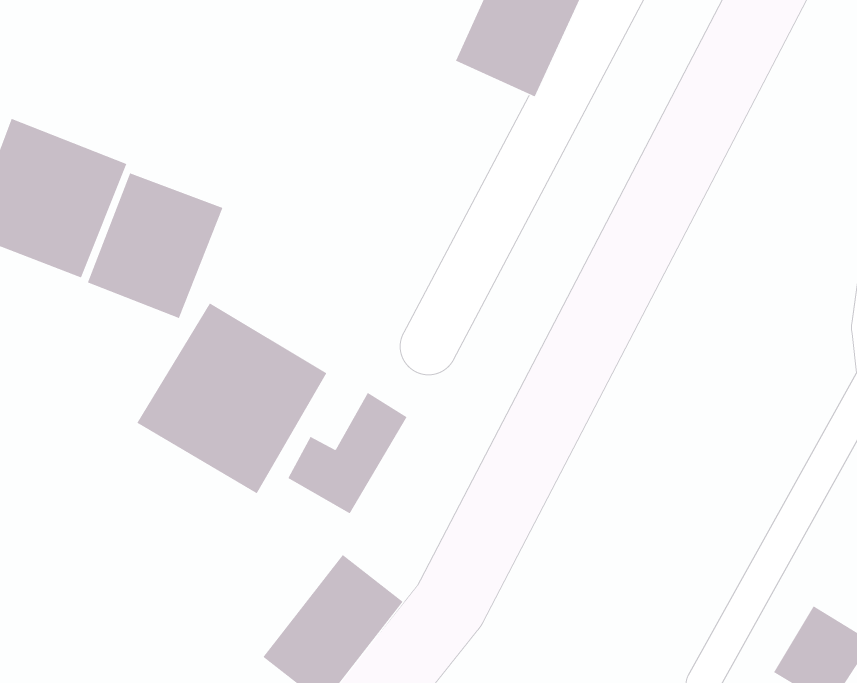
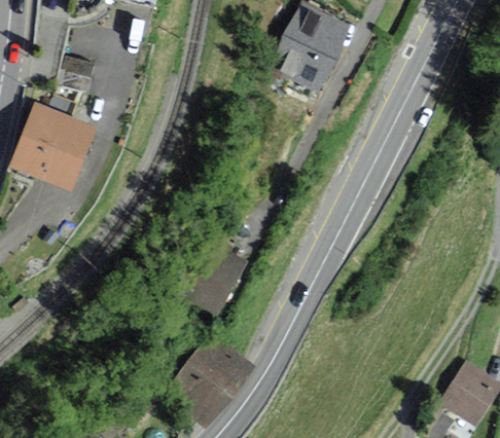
building: [87,172,223,319] -> none
building: [136,303,327,494] -> none

